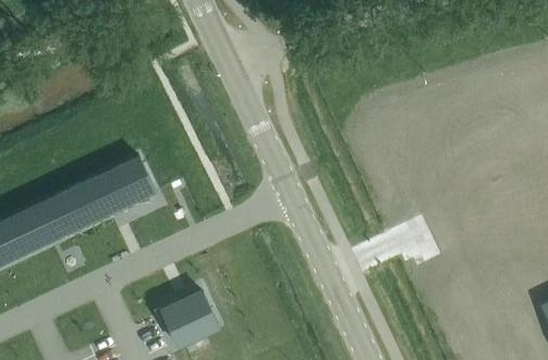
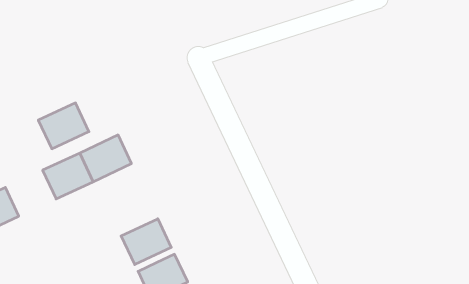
building: [10,200,68,252] -> [38,103,89,149]
building: none -> [121,219,171,265]

